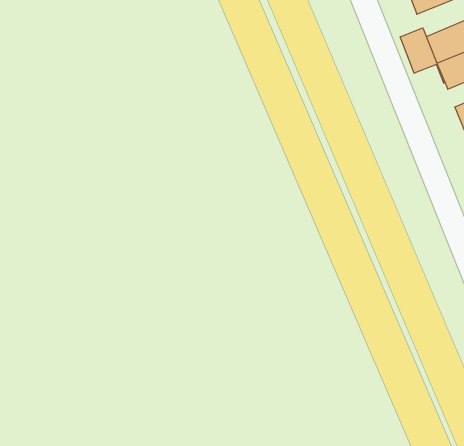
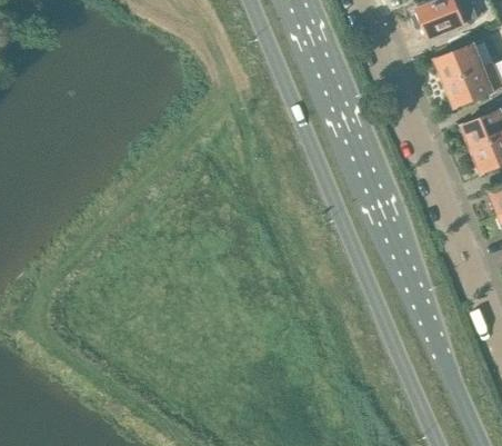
building: [400,28,445,83] -> none

